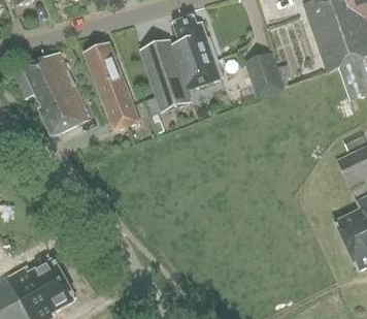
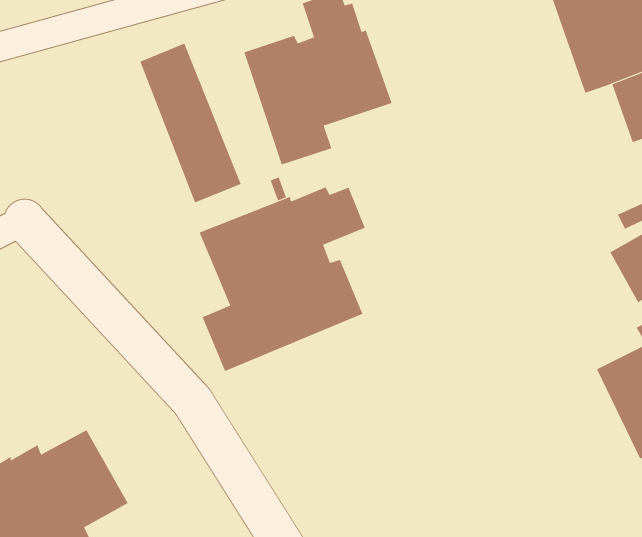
building: [22,51,90,135] -> none
building: [248,52,286,96] -> none
building: none -> [199,186,365,372]

